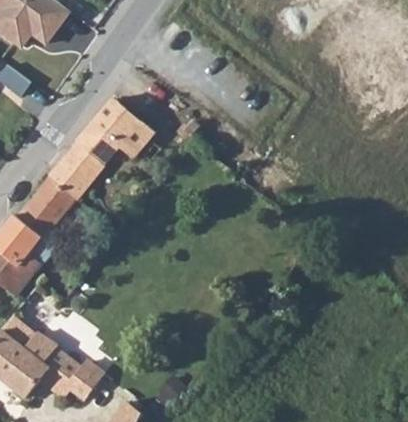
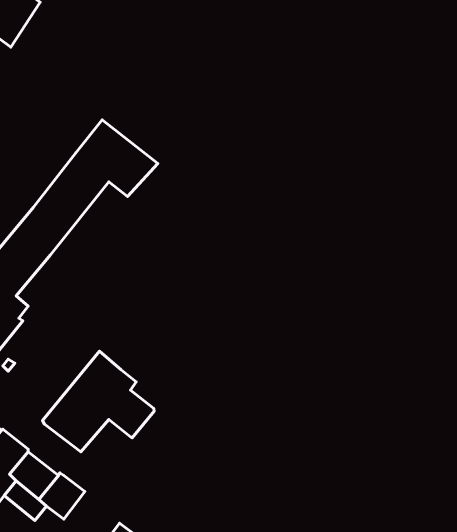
building: none -> [42,351,154,452]

